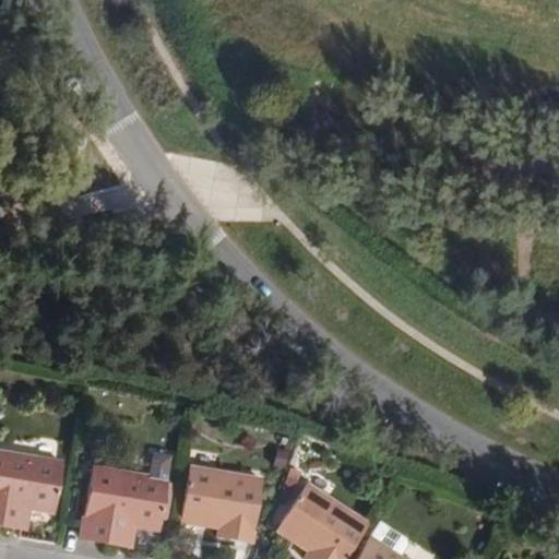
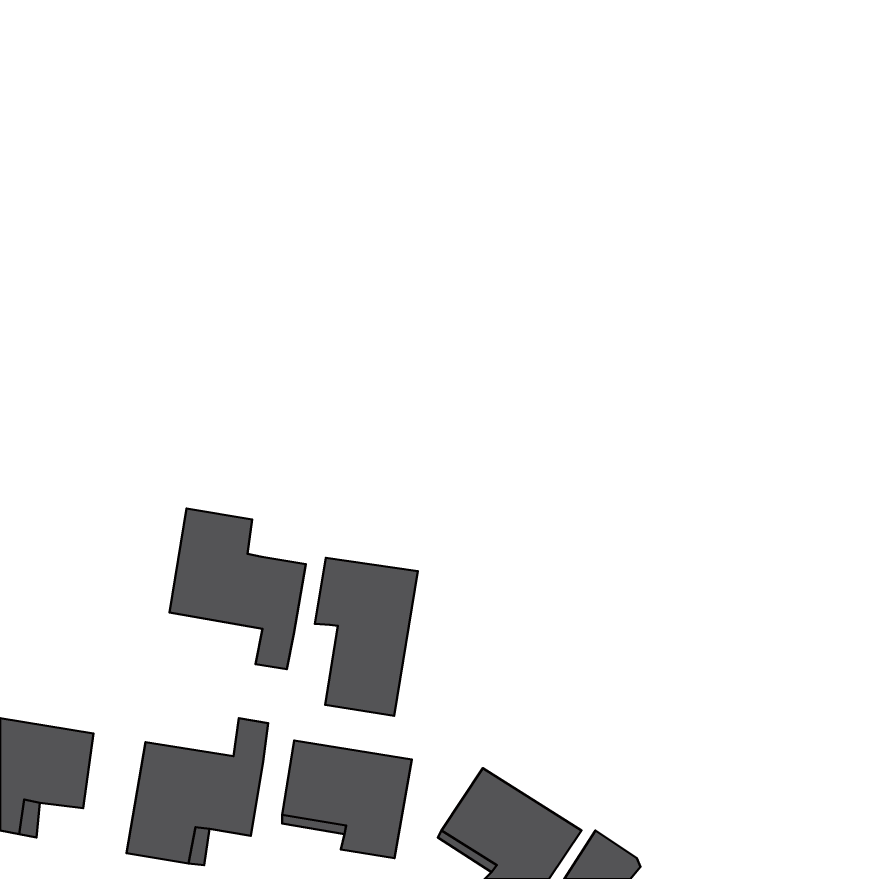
building: none -> [170,508,306,669]
building: none -> [315,558,418,716]

